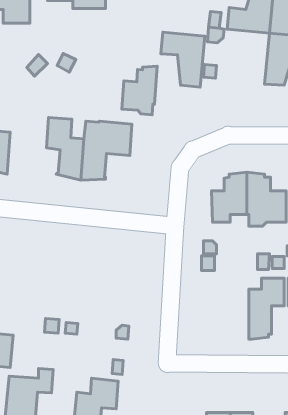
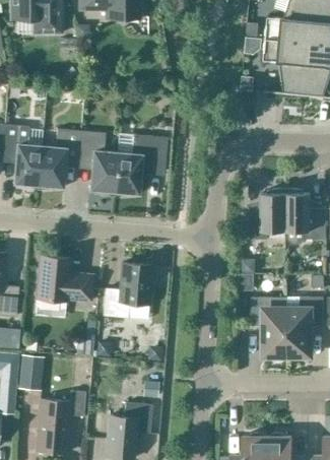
building: [161,32,205,87] -> [263,40,309,96]
building: [122,66,157,115] -> none
building: none -> [38,129,80,190]
building: none -> [35,256,92,316]
building: none -> [103,263,152,318]
building: none -> [252,298,287,360]

